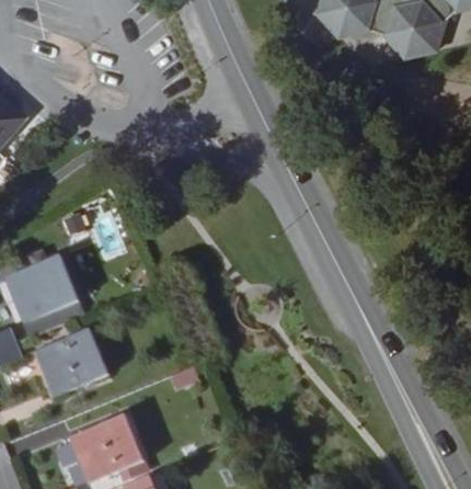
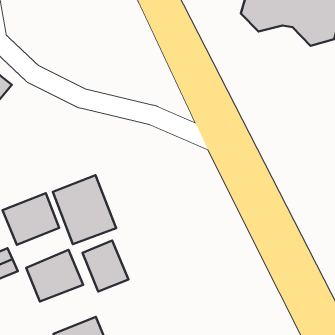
building: none -> [53,175,116,244]
building: none -> [83,241,129,291]

